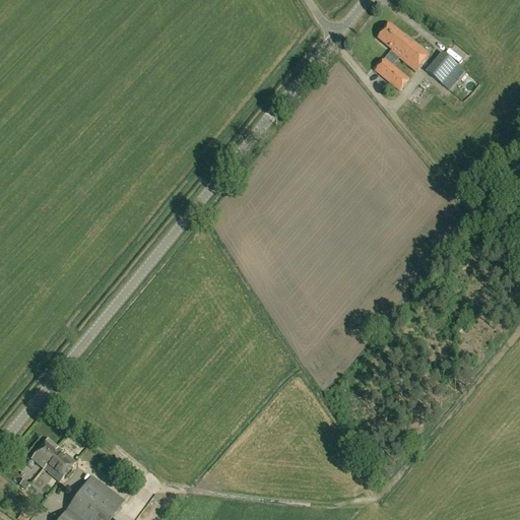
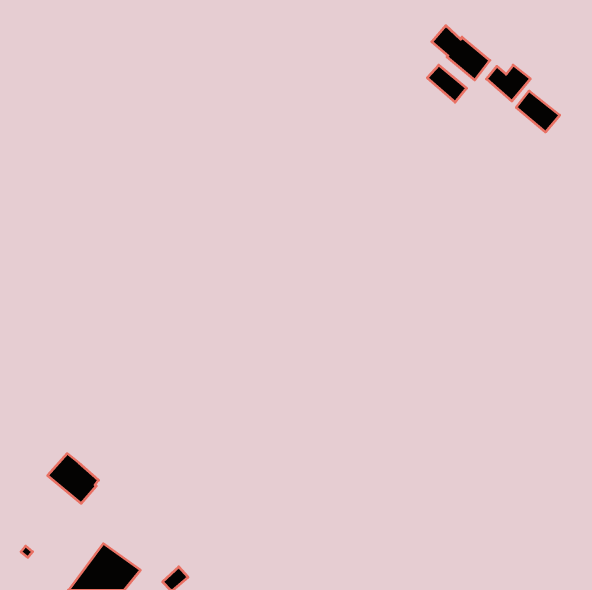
building: none -> [516,91,560,132]
building: [29,438,74,481] -> [48,454,99,503]

